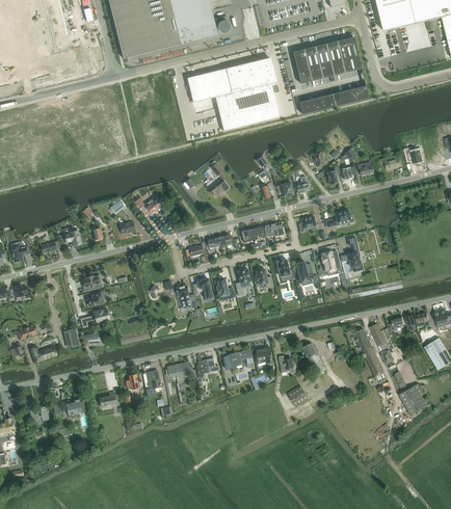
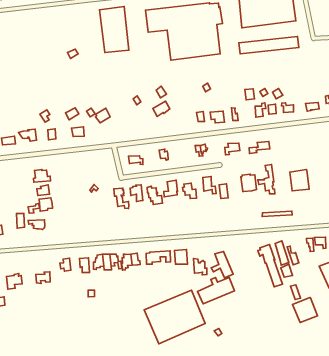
building: none -> [100,7,129,53]
building: none -> [290,170,309,191]
building: none -> [144,290,205,344]

